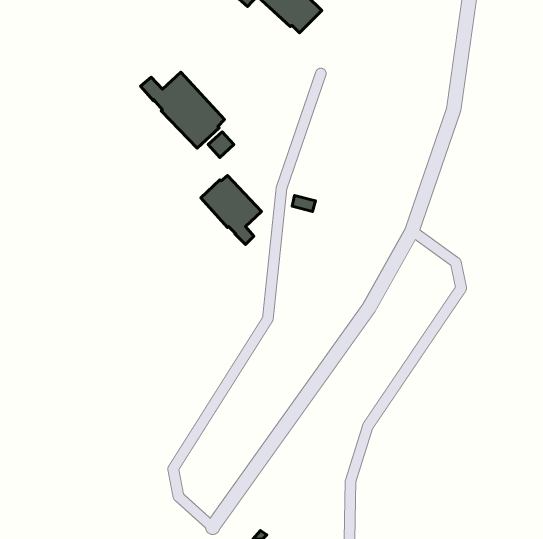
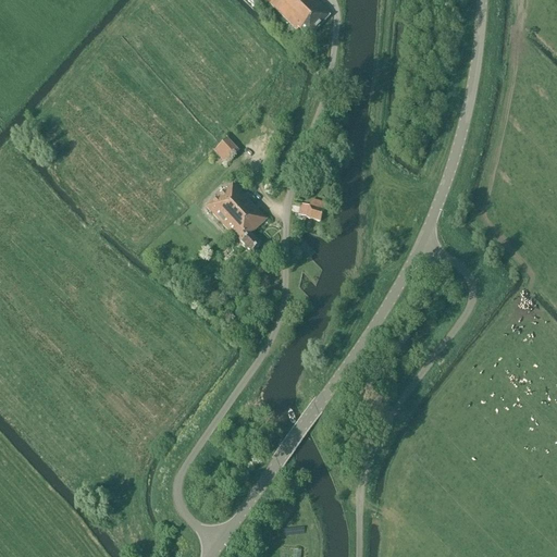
building: [141,72,224,148] -> none

